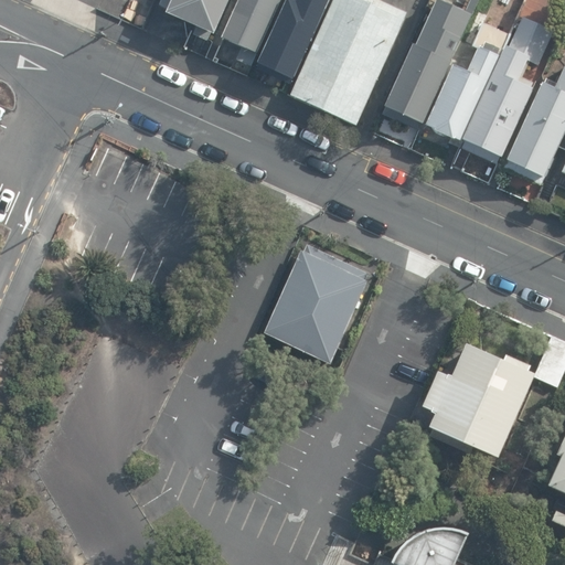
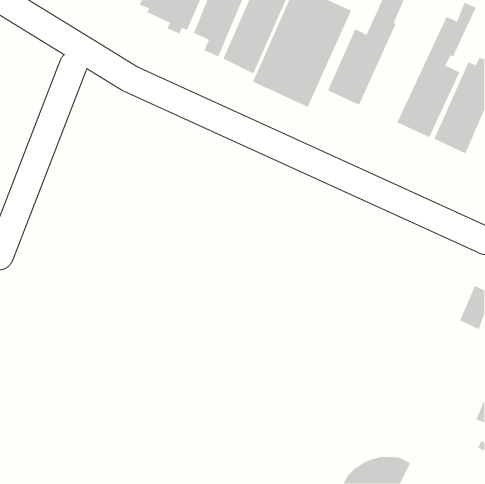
building: [425,15,508,141] -> none
building: [267,243,369,364] -> none
building: [418,345,532,460] -> none

